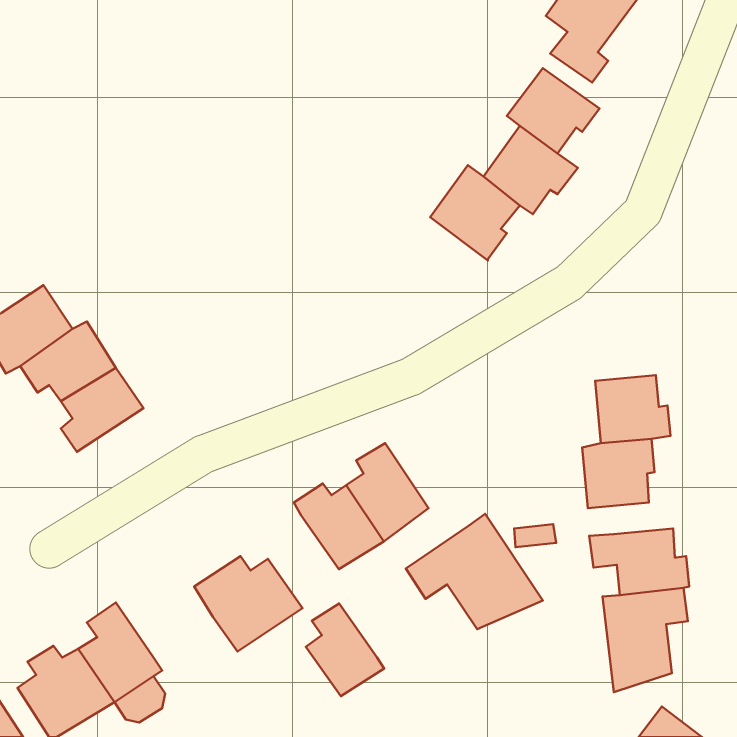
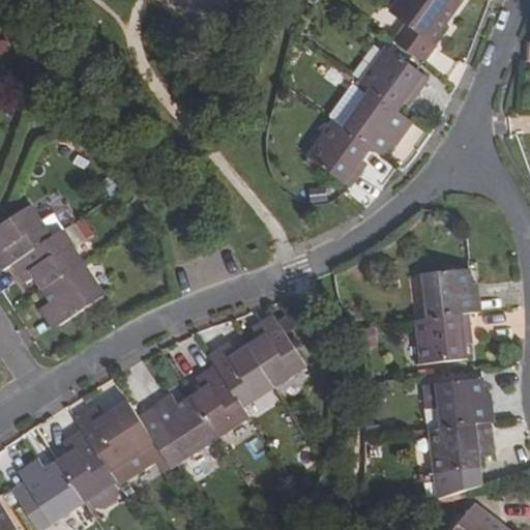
building: [406,514,543,629] -> none
building: none -> [78,402,170,479]
building: [306,603,384,696] -> [192,369,247,435]

